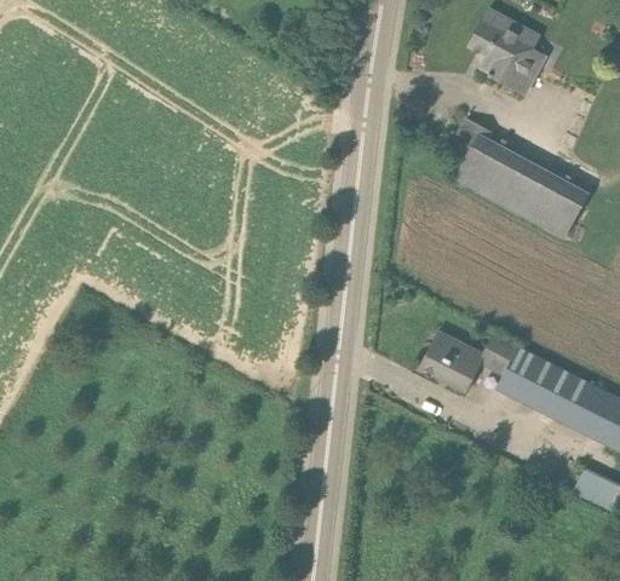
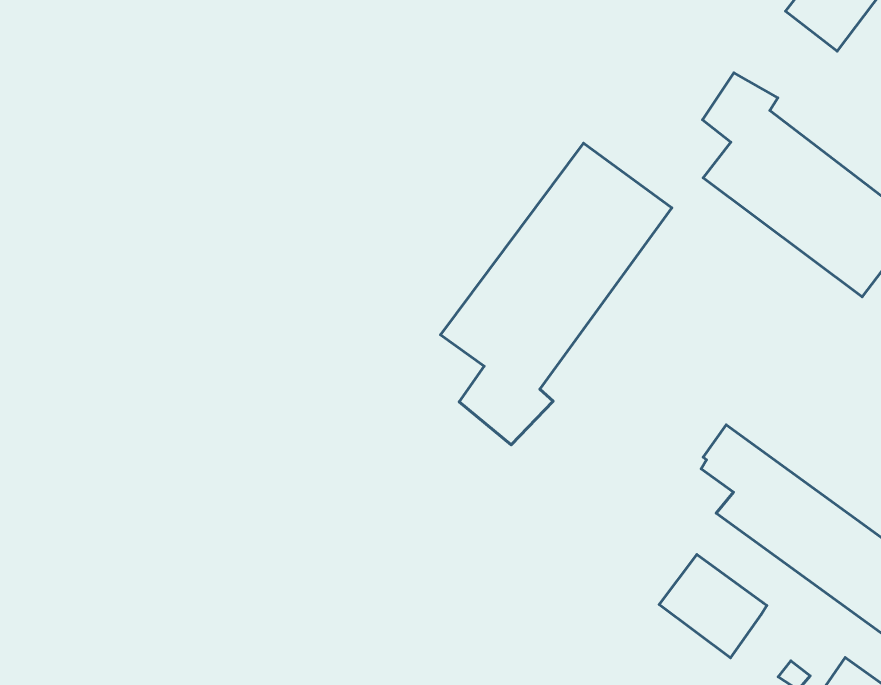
building: none -> [441,143,672,445]
building: [419,332,484,391] -> [659,555,767,658]

